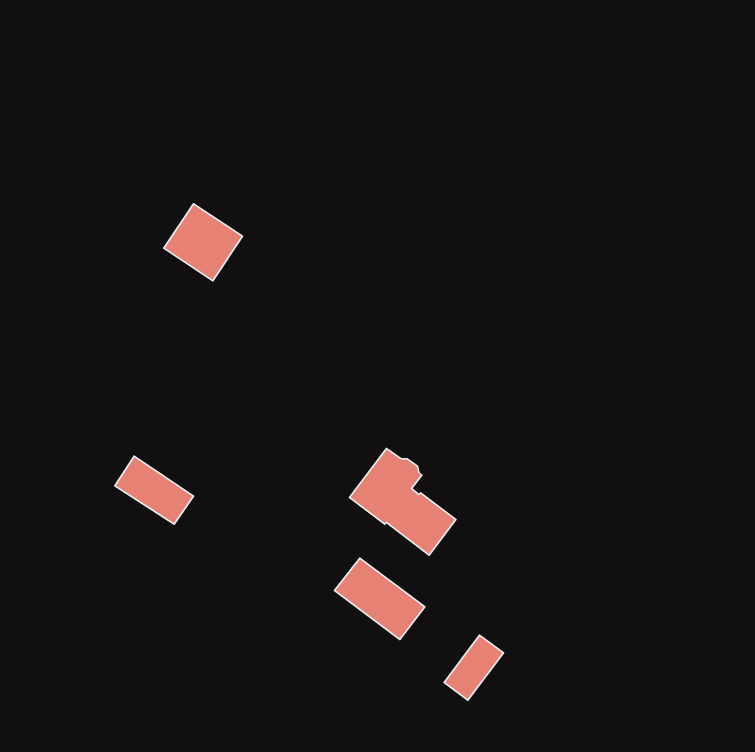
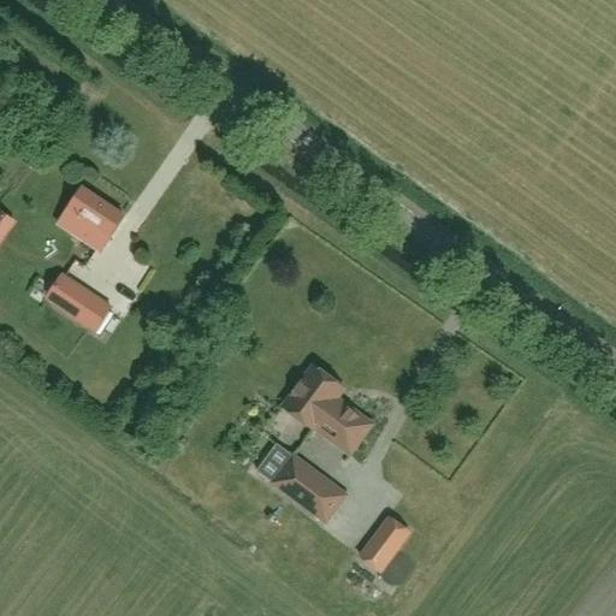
building: [164,204,242,281] -> [58,186,122,249]
building: [115,456,193,524] -> [46,273,109,328]

